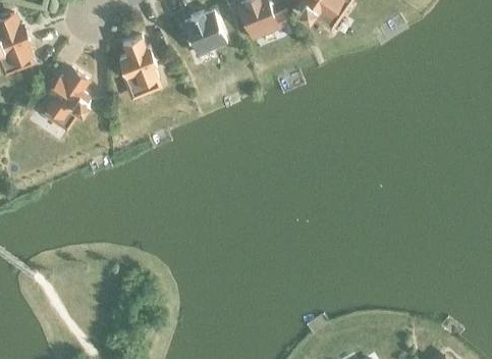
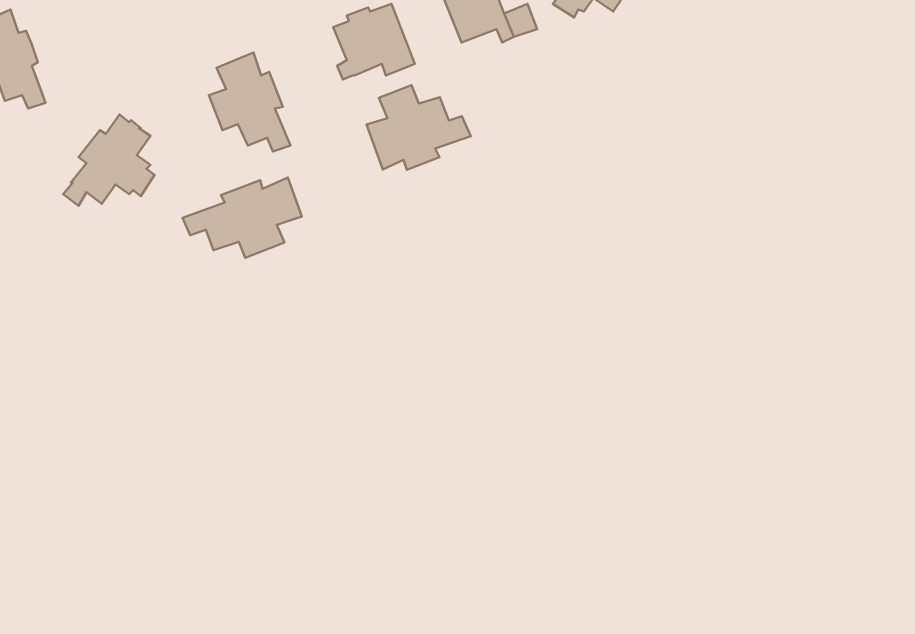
building: none -> [366,85,471,170]
building: none -> [182,178,302,258]

